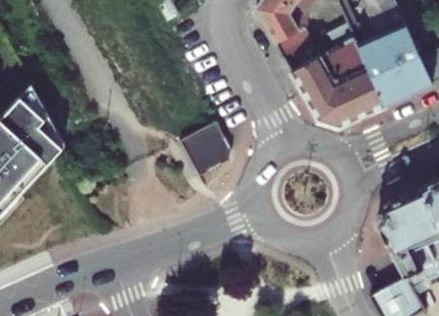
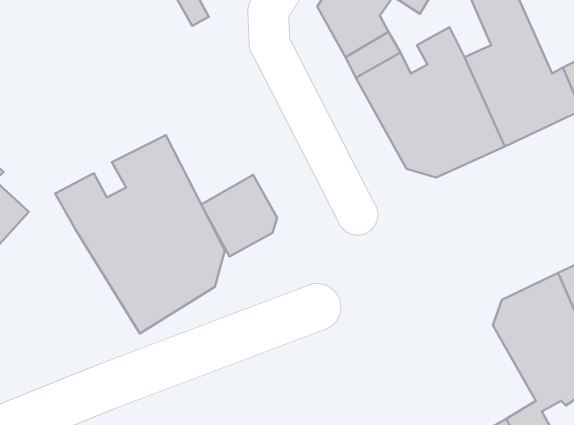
building: none -> [55,135,225,333]

